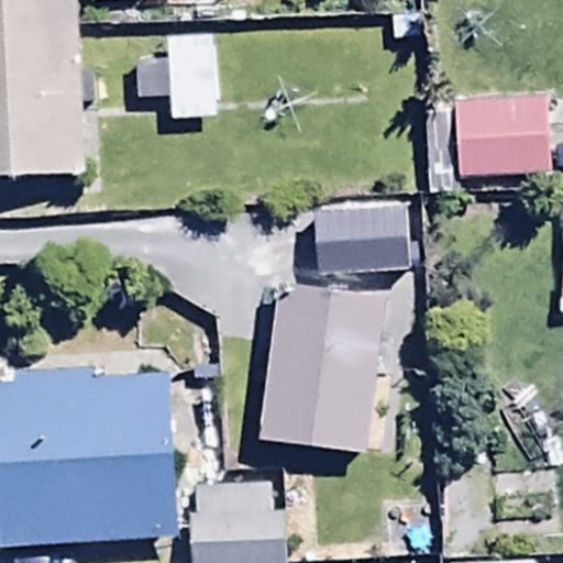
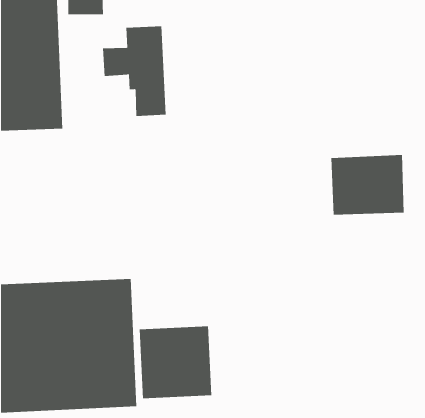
building: [454,97,552,177] -> [330,155,404,215]
building: [257,232,398,410] -> none

